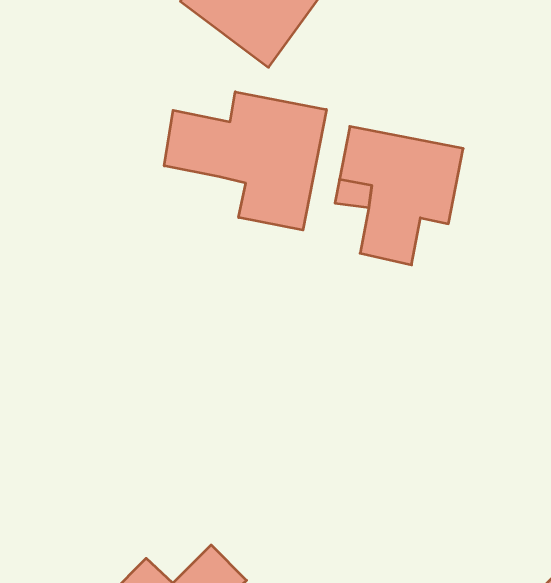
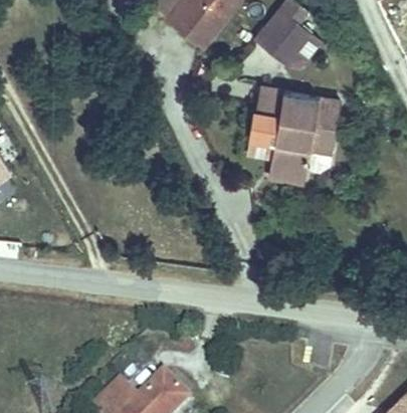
building: none -> [252,10,310,73]
building: [164,92,326,230] -> none

